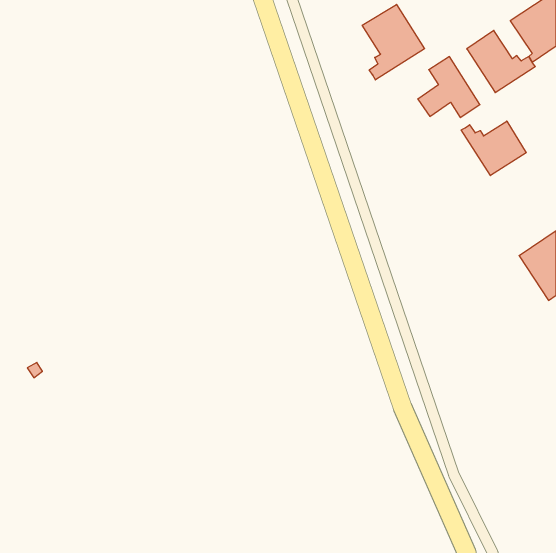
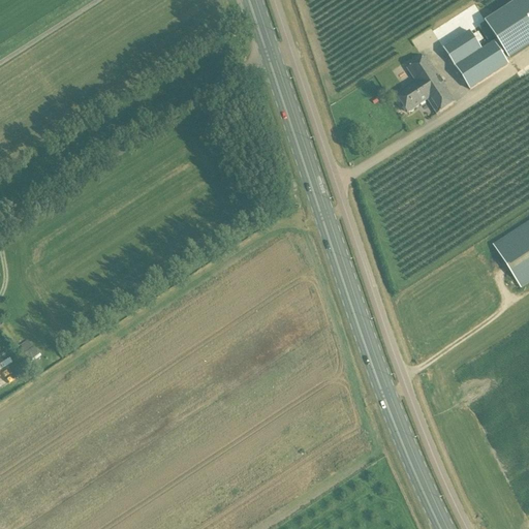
building: [362,4,425,80] -> none
building: [461,121,526,176] -> none

